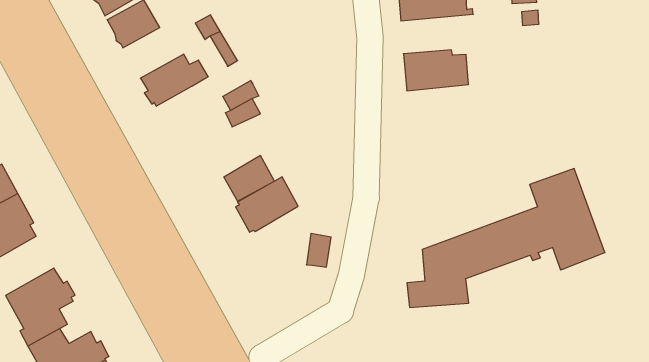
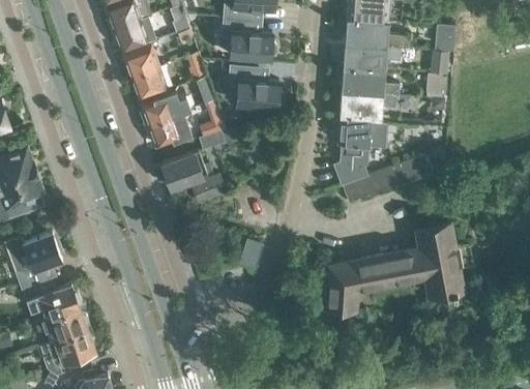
building: none -> [230,66,284,109]
building: none -> [340,94,396,121]
building: none -> [131,68,169,99]
building: none -> [335,156,432,204]
building: none -> [149,116,186,148]
building: [236,177,298,232] -> [161,152,208,189]

